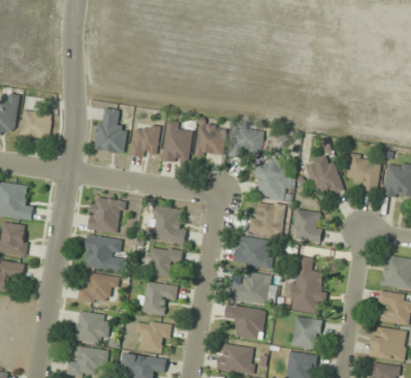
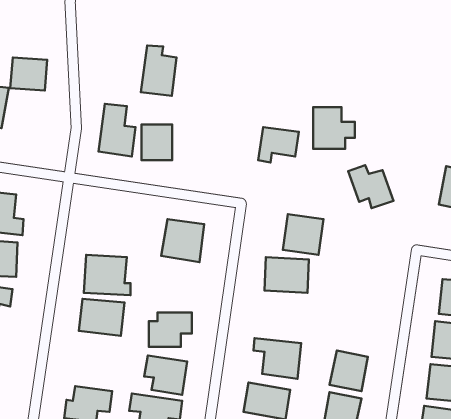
building: [21,111,52,138] -> [10,57,47,91]
building: [162,121,192,163] -> [141,45,177,96]
building: [194,123,227,158] -> none
building: [347,154,380,191] -> none
building: [258,164,293,199] -> [313,107,355,149]
building: [88,195,126,234] -> none
building: [291,209,324,242] -> none
building: [147,247,182,277] -> none
building: [285,256,327,313] -> none
building: [229,271,272,305] -> none
building: [73,312,108,343] -> none

